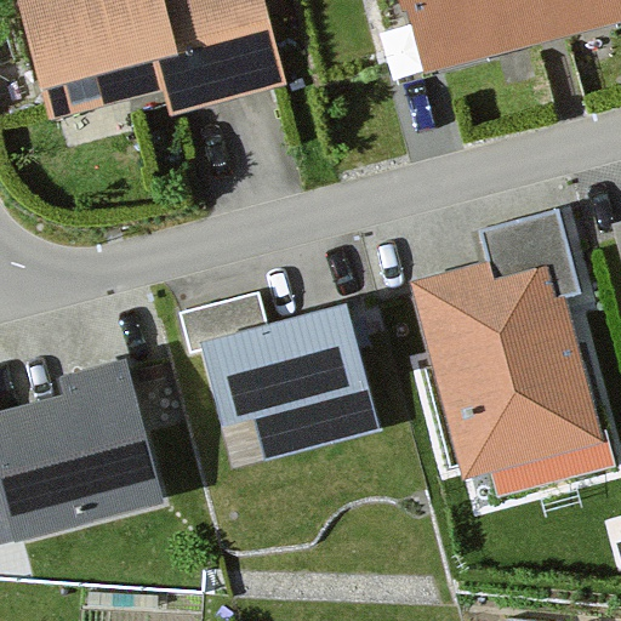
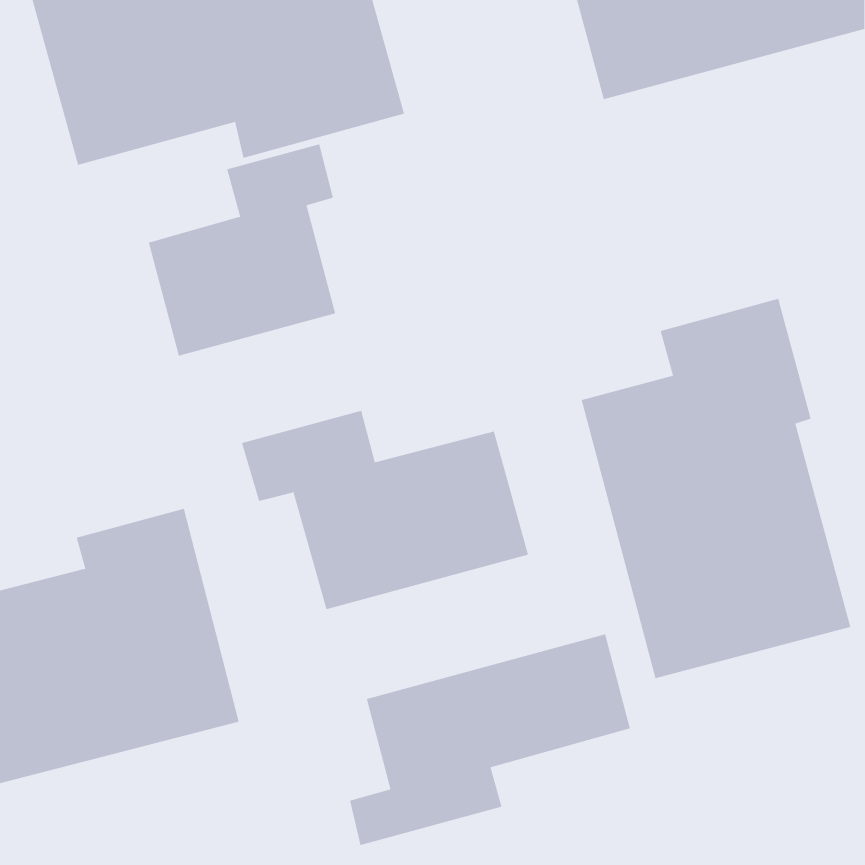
building: none -> [148,144,336,357]
building: none -> [349,633,631,846]

